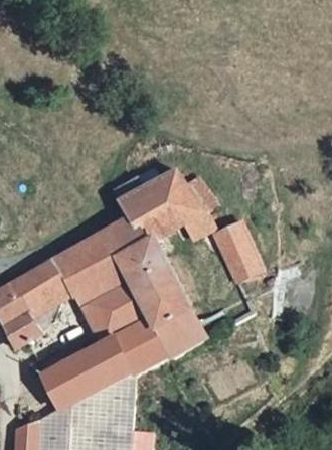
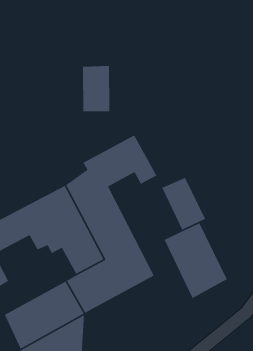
building: none -> [82,65,110,112]
building: none -> [164,222,228,299]

